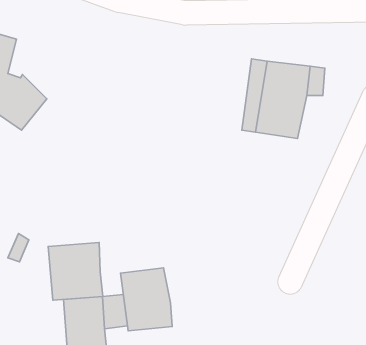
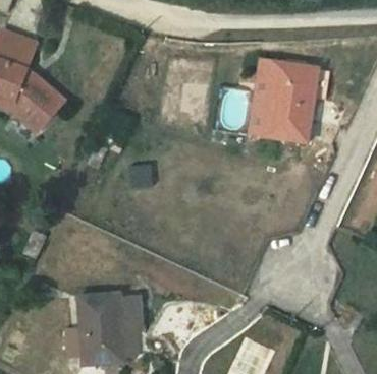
building: [48,242,103,300] -> none
building: [121,268,172,331] -> none

